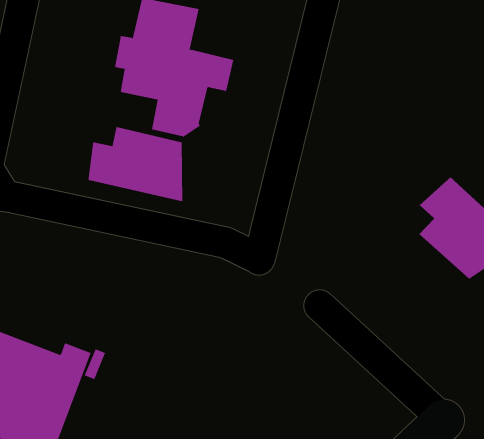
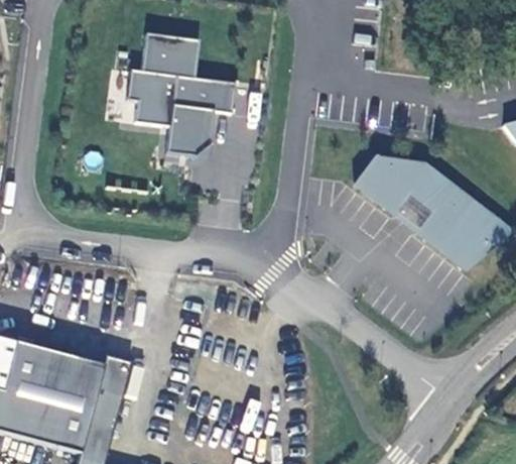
building: [88,126,183,202] -> none
building: none -> [353,155,440,211]

